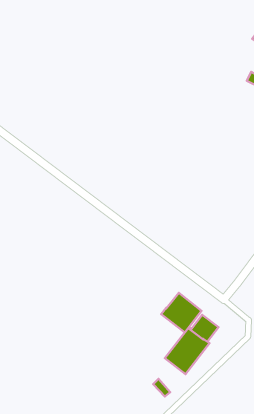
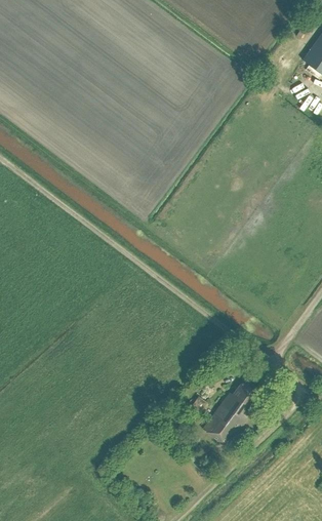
building: [161,293,201,332] -> none

